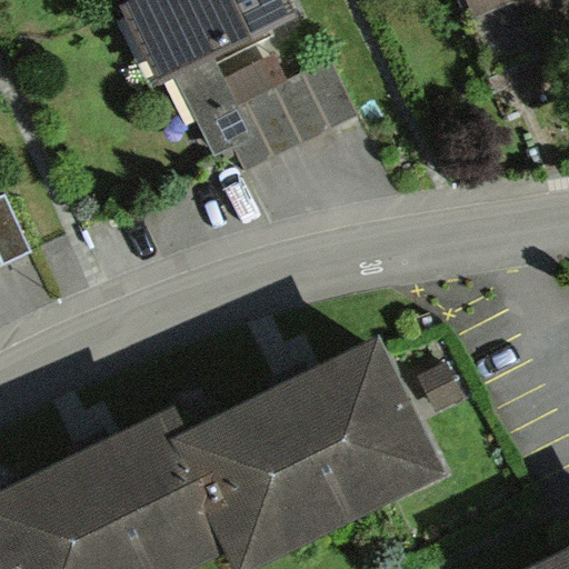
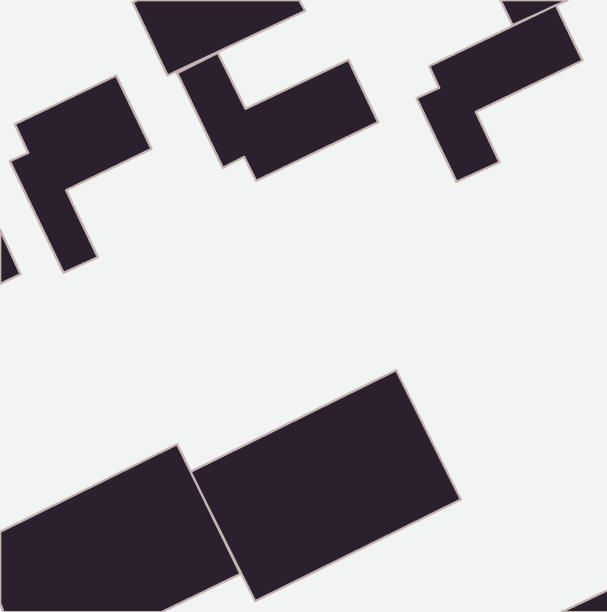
building: none -> [416,5,582,182]
building: none -> [10,75,151,273]

